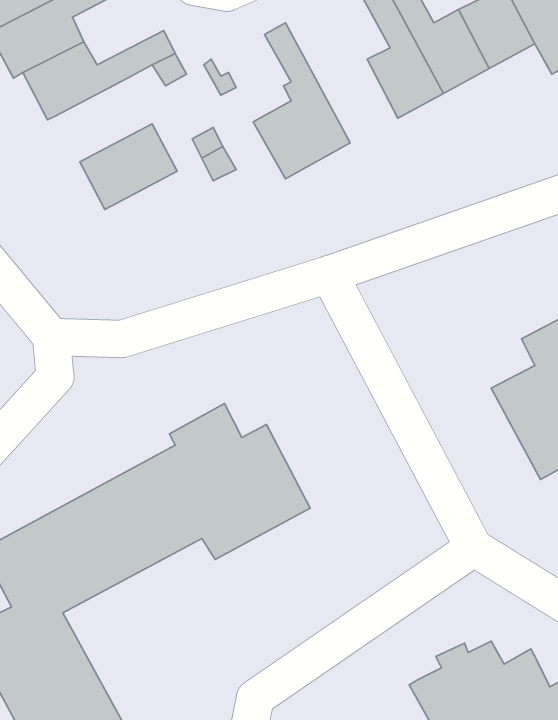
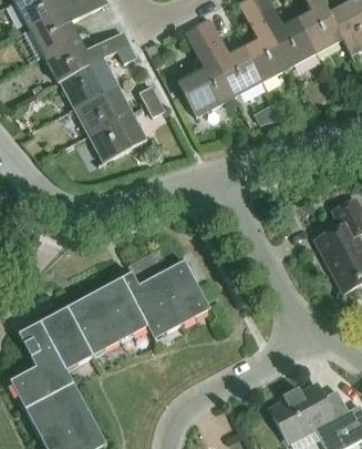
building: none -> [195,19,260,95]
building: none -> [61,58,117,106]
building: none -> [90,112,146,162]

